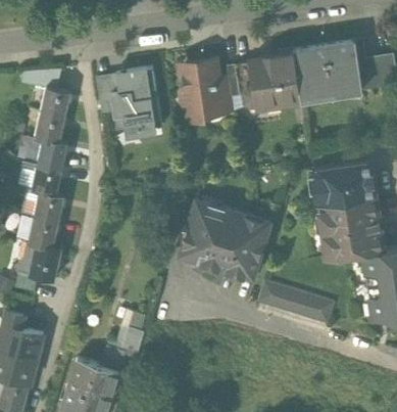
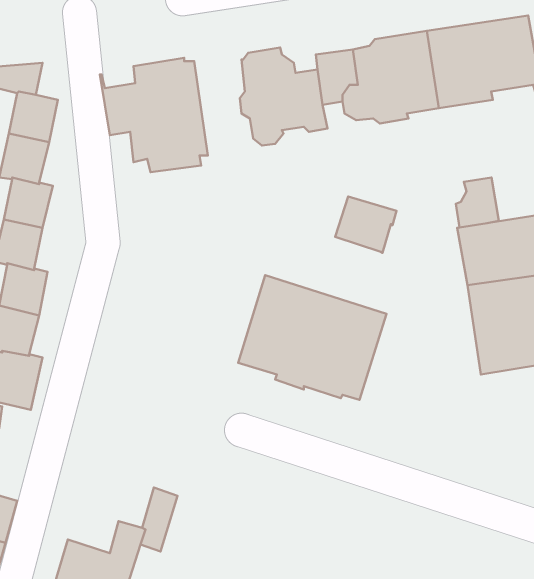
building: none -> [456,177,499,228]
building: none -> [335,196,397,253]
building: [257,281,334,325] -> none

